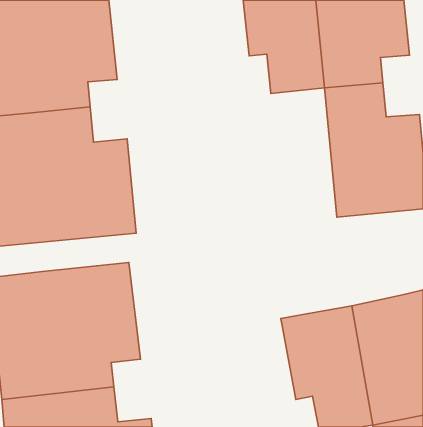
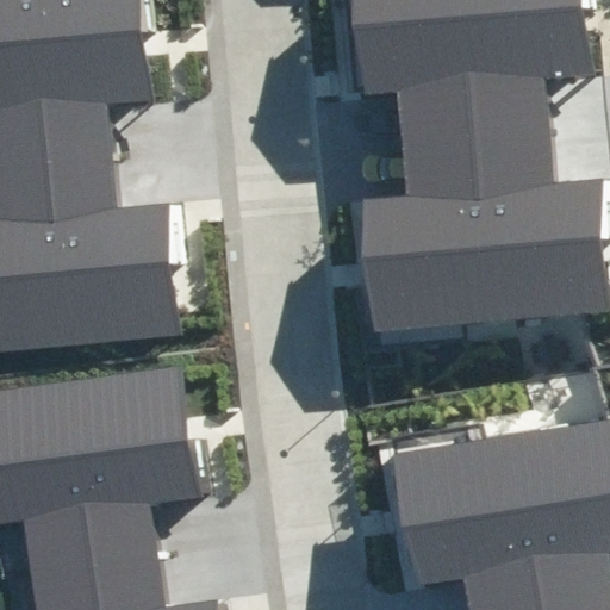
building: none -> [347,125,480,322]

